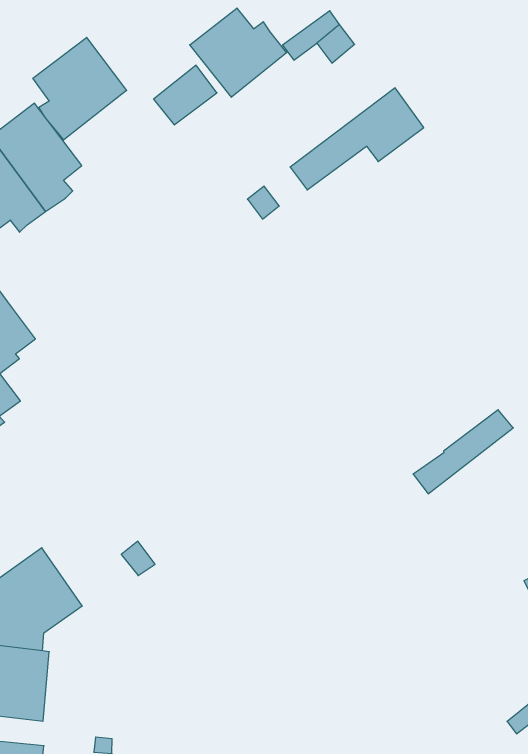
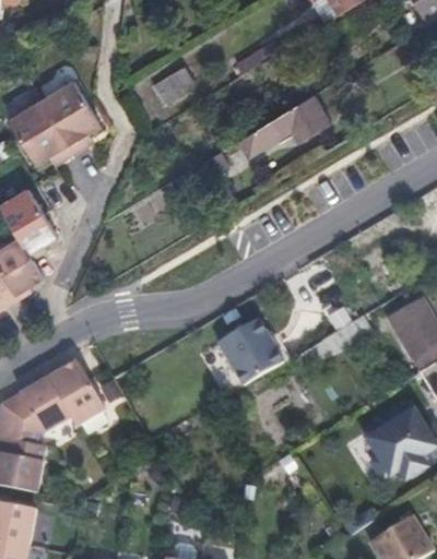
building: [190,8,287,97] -> none
building: [33,37,127,140] -> none
building: none -> [215,319,281,385]
building: none -> [45,360,105,427]

